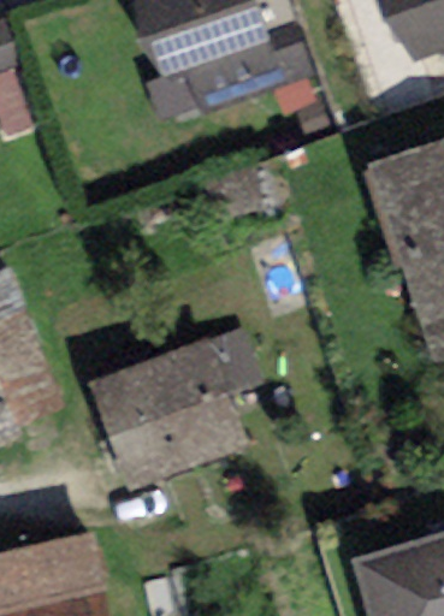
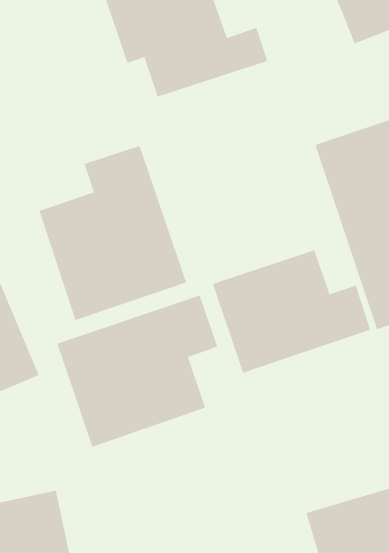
building: none -> [39,145,187,321]
building: none -> [212,250,371,373]

